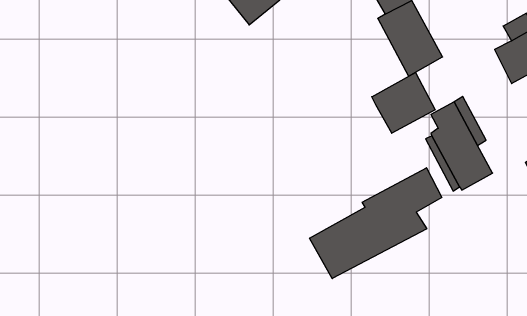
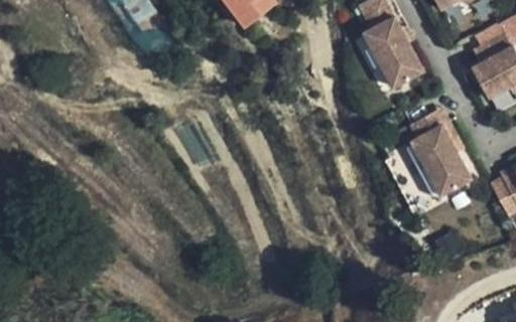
building: [372,73,435,133] -> none
building: [310,168,442,279] -> none

